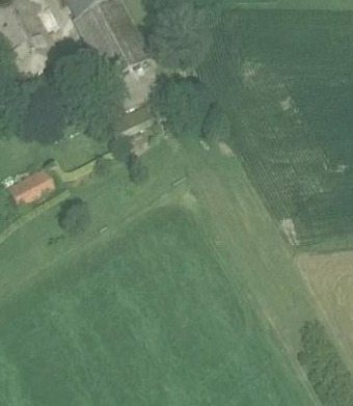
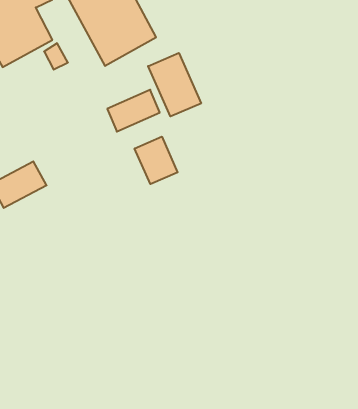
building: none -> [148,53,201,116]
building: none -> [135,137,178,184]

